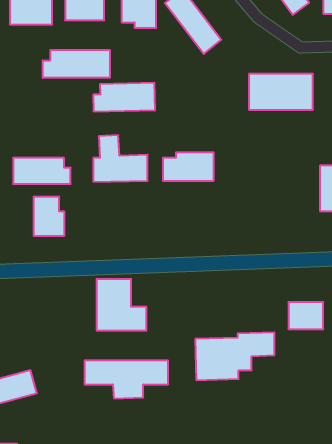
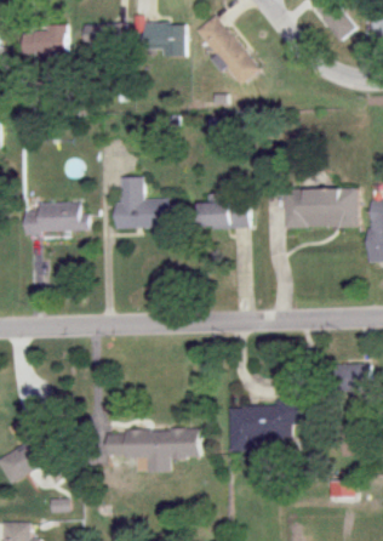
building: [43,50,110,78] -> none
building: [249,74,313,110] -> [284,188,355,228]
building: [94,83,155,112] -> none
building: [34,196,64,236] -> none
building: [97,279,146,331] -> none

